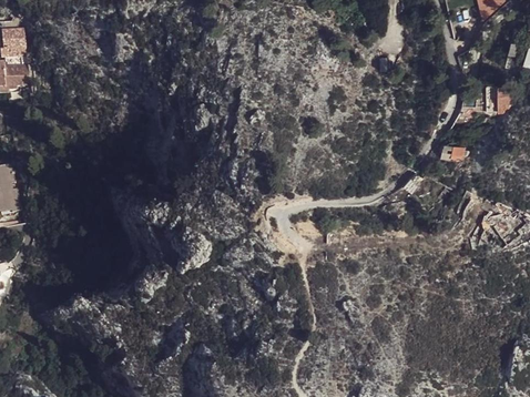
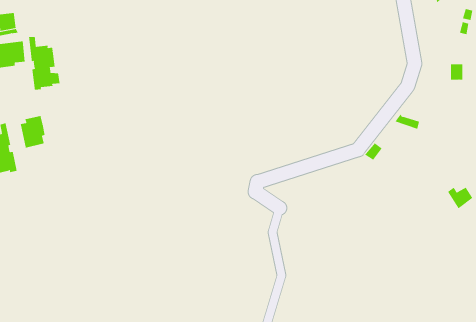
building: none -> [28,36,60,91]
building: none -> [20,115,45,148]

